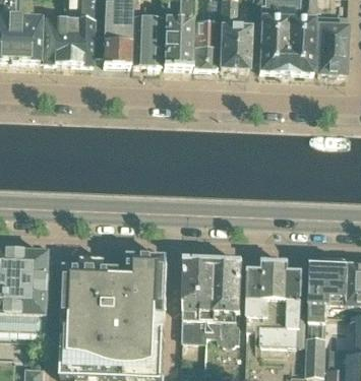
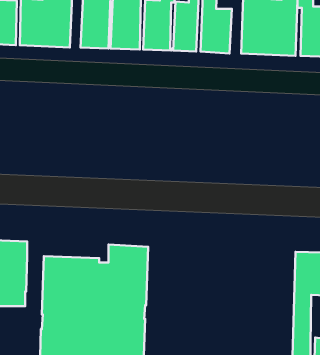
building: [183,257,243,343] -> none
building: [247,260,302,344] -> none

